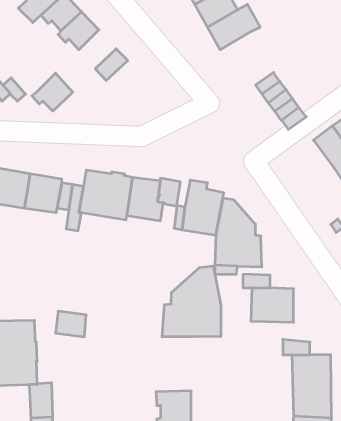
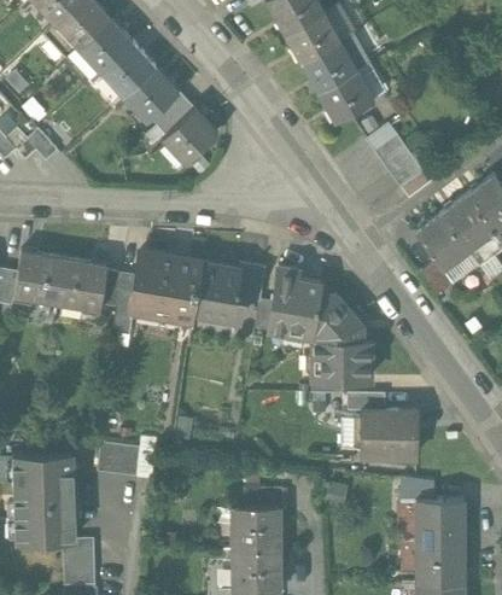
building: none -> [317,70,375,123]
building: none -> [160,109,217,165]
building: [32,73,73,111] -> [124,68,179,118]
building: none -> [415,215,469,272]
building: [162,266,221,337] -> none
building: none -> [232,508,279,550]

